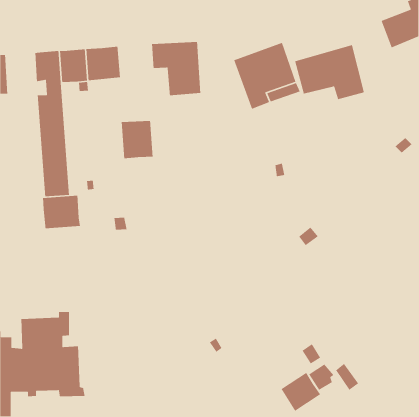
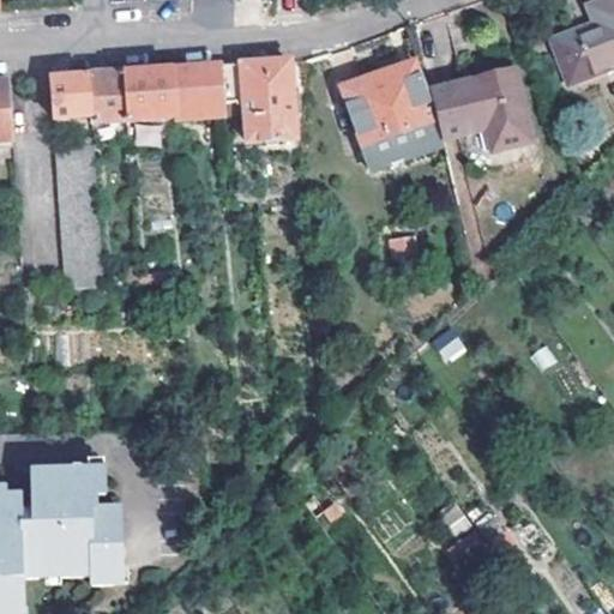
building: none -> [173,64,224,119]
building: [121,120,153,159] -> none
building: [42,195,81,229] -> none
building: [281,372,321,412] -> none

